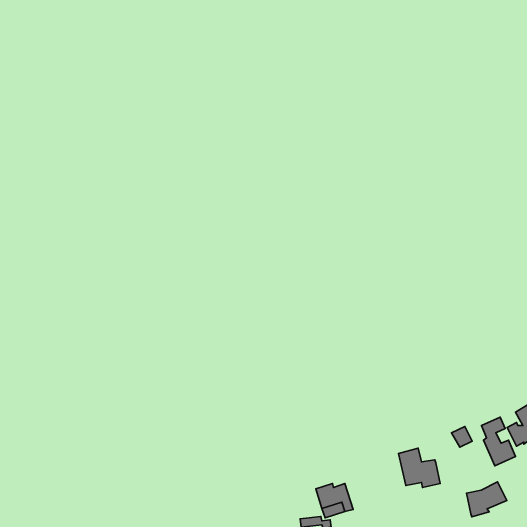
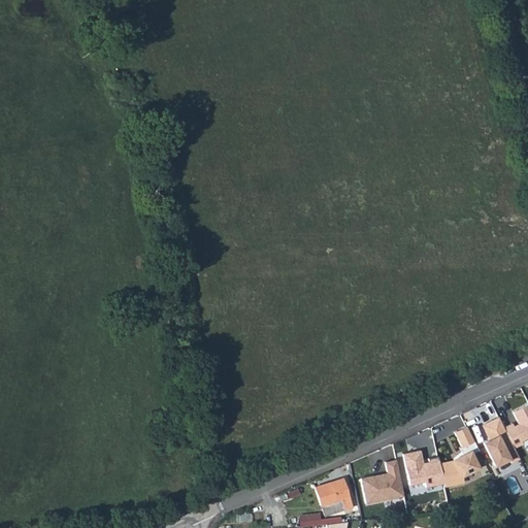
building: none -> [361,462,403,505]
building: [467,482,507,517] -> [436,452,476,487]

